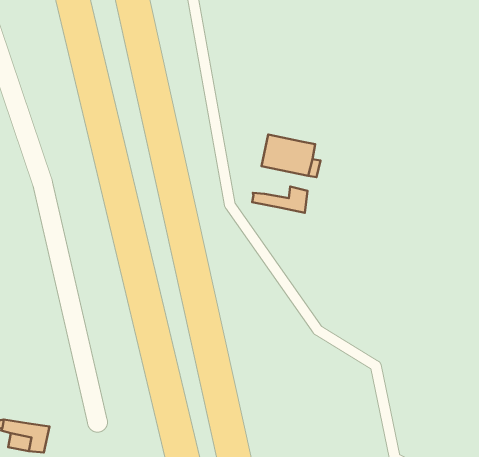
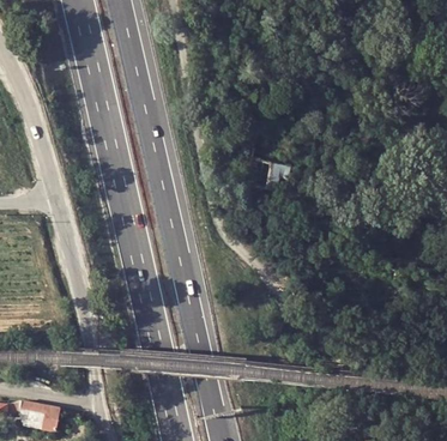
building: [252,187,307,213] -> none

